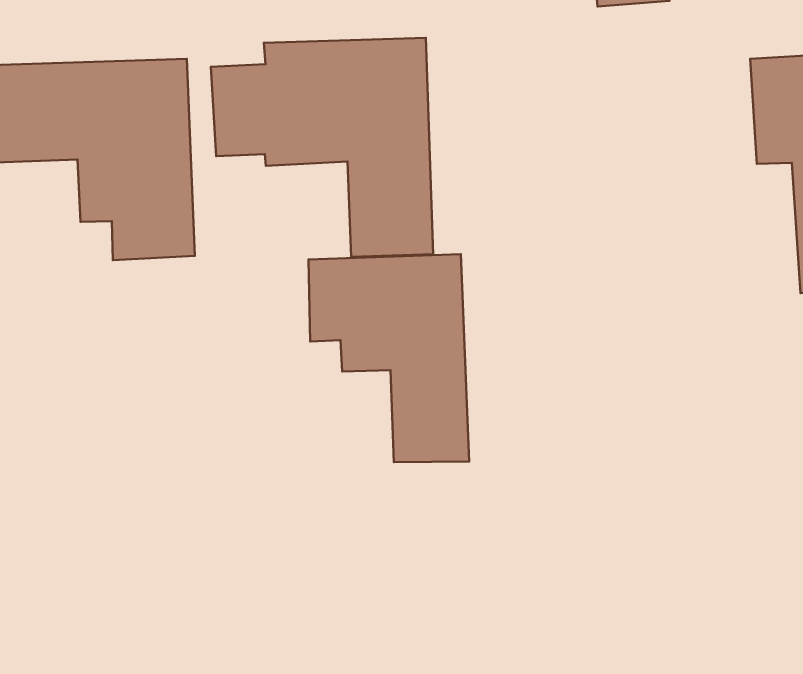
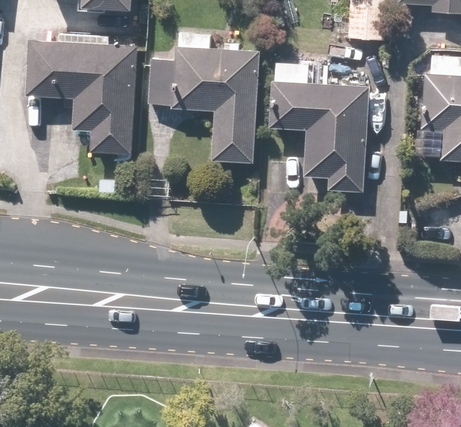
building: none -> [270,58,370,193]
building: [308,254,469,462] -> none

